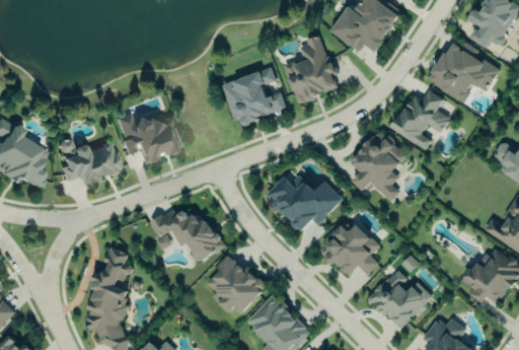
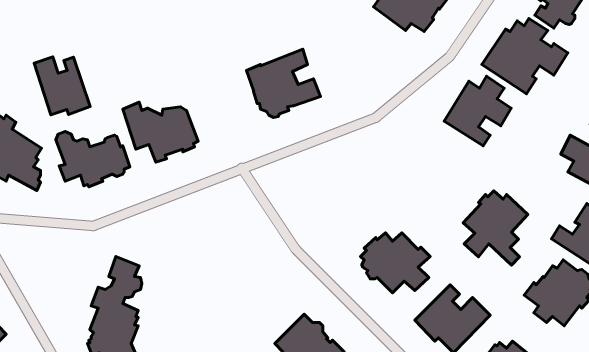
building: [284,36,338,103] -> none
building: none -> [34,57,90,115]
building: [349,135,404,199] -> [463,191,528,265]
building: [265,173,343,230] -> none
building: [149,209,225,260] -> none
building: [208,255,263,310] -> none

